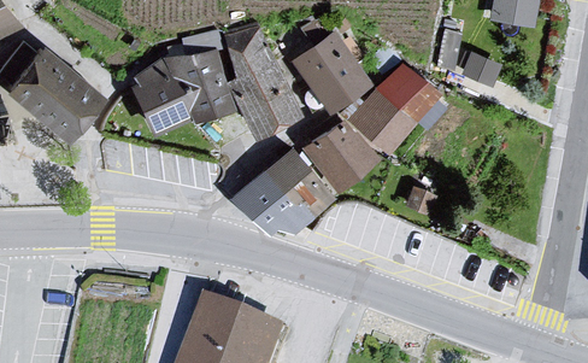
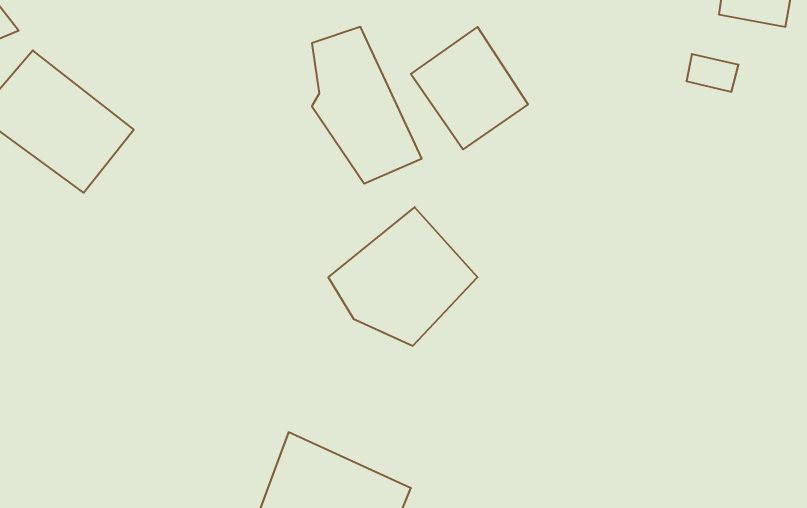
building: [125,48,225,130] -> none
building: [351,64,448,153] -> none
building: [301,117,375,193] -> none

